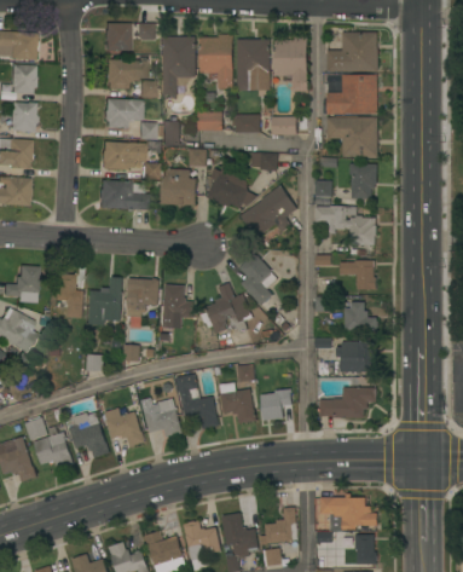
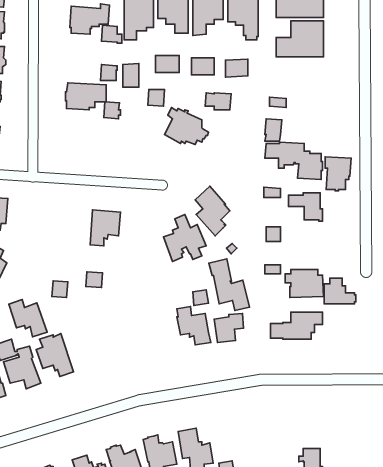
building: [103,99,141,128] -> none
building: [326,117,377,157] -> none
building: [349,163,377,200] -> [325,157,351,191]
building: [161,168,196,206] -> none
building: [98,180,150,210] -> none
building: [241,185,297,238] -> none
building: [53,273,83,318] -> none
building: [88,277,122,324] -> none
building: [162,285,193,329] -> none
building: [345,302,378,330] -> [324,278,356,304]
building: [175,374,219,429] -> [209,259,249,310]
building: [140,397,181,438] -> none
building: [104,408,145,447] -> [9,300,47,337]
building: [320,497,377,531] -> none
building: [265,507,297,543] -> none

